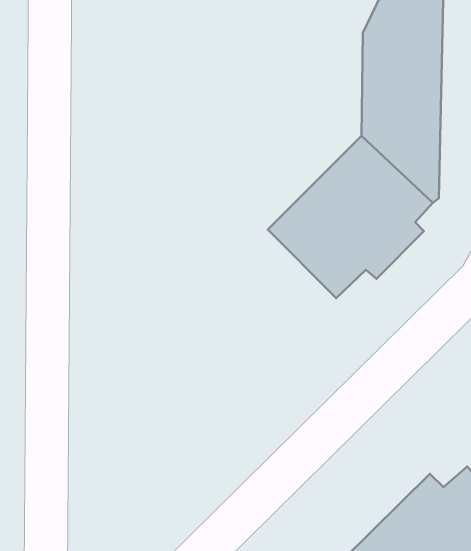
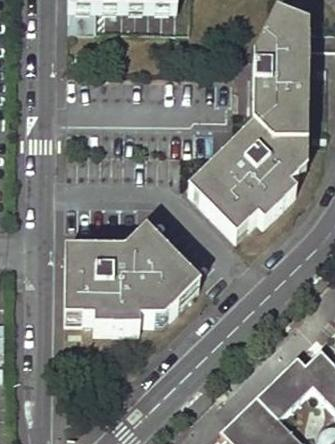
building: none -> [66,230,199,329]

